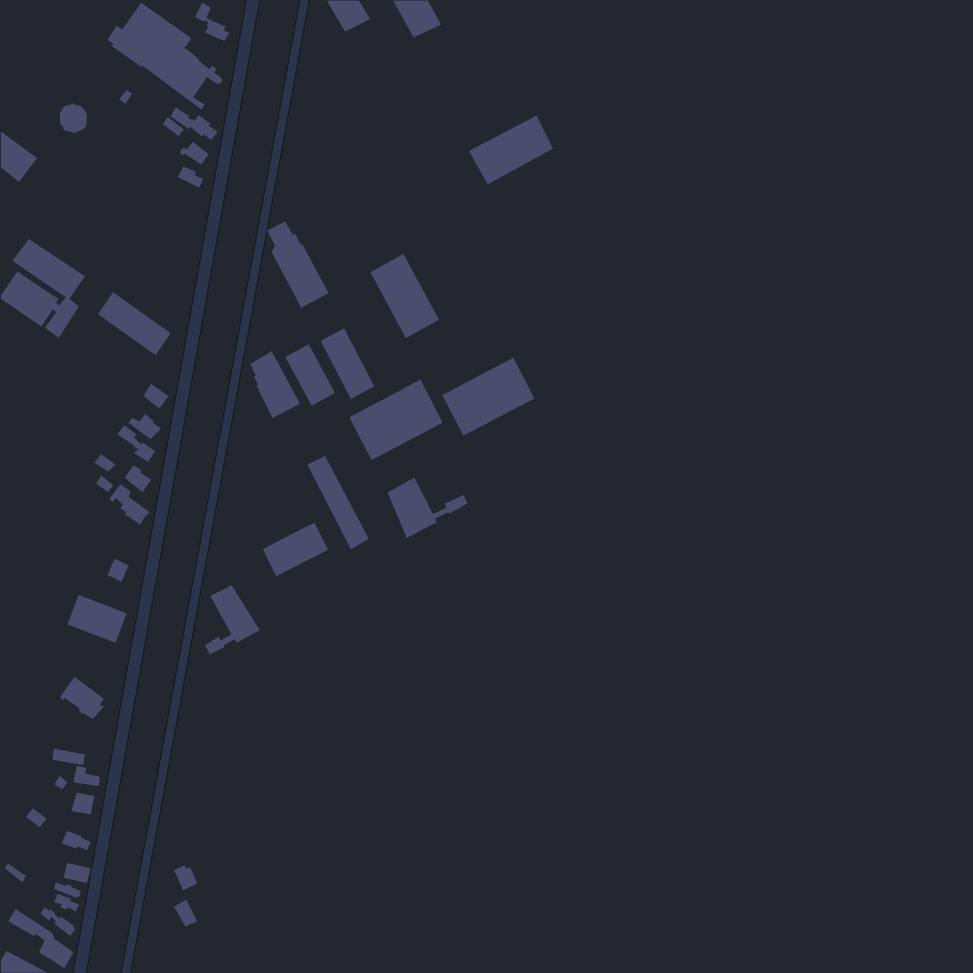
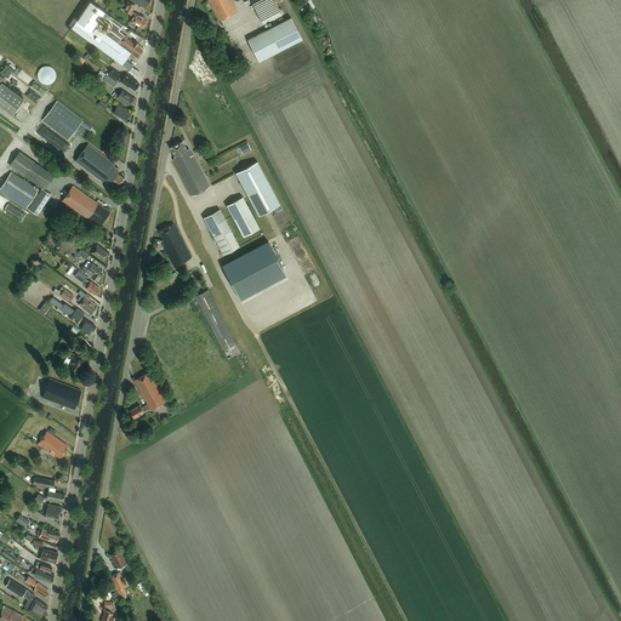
building: [468,115,554,185] -> [247,17,302,62]
building: none -> [42,102,92,139]
building: none -> [75,144,124,187]
building: [284,344,336,406] -> [227,196,260,237]
building: [442,357,535,437] -> none
building: [387,477,468,539] -> none
building: [262,522,329,577] -> none

